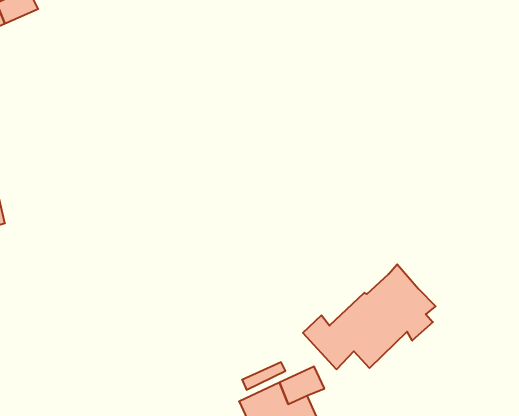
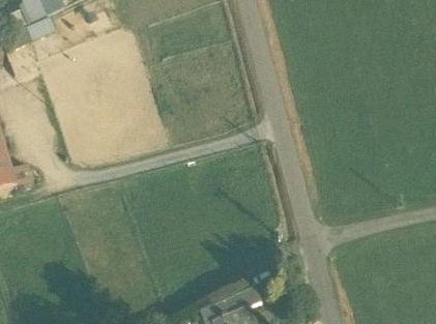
building: [303,264,436,369] -> none

